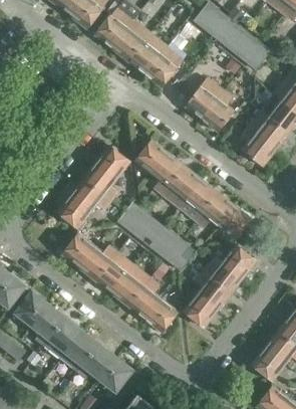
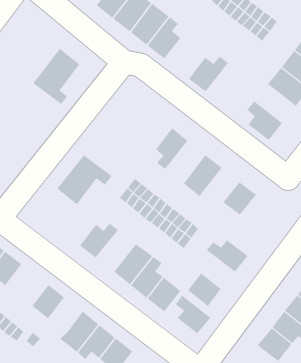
building: [202,90,234,132] -> none
building: [248,111,289,149] -> none
building: [135,140,169,174] -> none
building: [83,145,129,200] -> [32,48,80,105]
building: [163,166,201,207] -> none
building: [196,192,234,227] -> none
building: [62,233,95,267] -> none
building: [222,244,256,277] -> none
building: [95,252,133,292] -> none
building: [195,271,230,310] -> [175,295,211,334]
building: [16,291,49,326] -> none
building: [49,318,82,352] -> none

